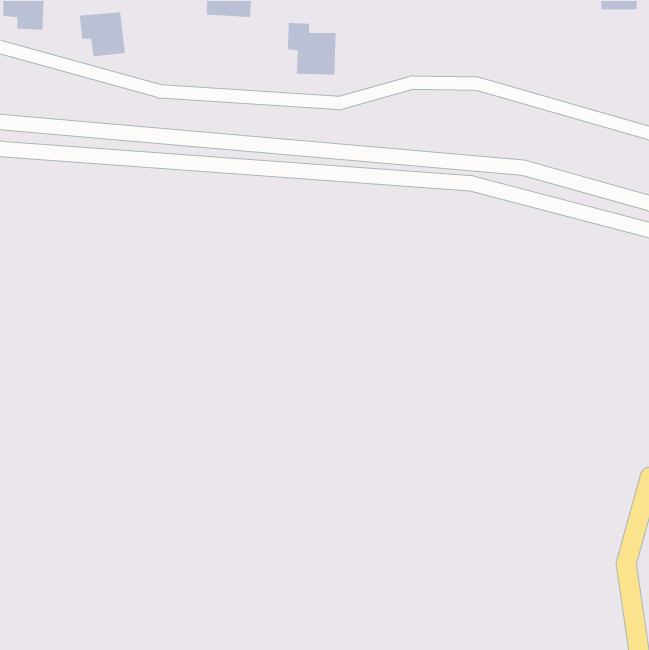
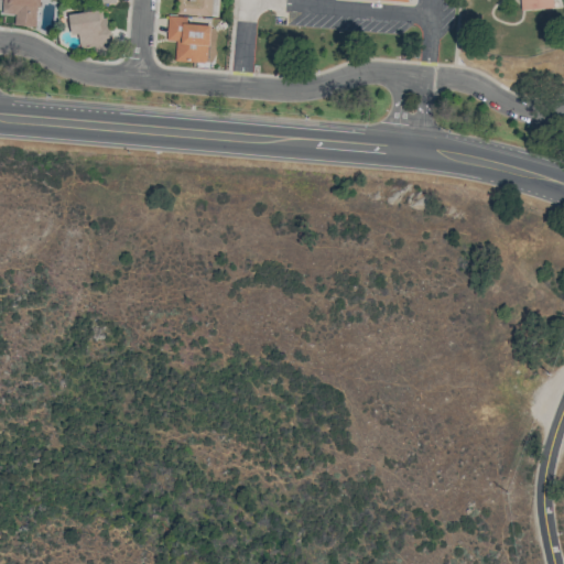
building: [287,22,336,75] -> [167,15,210,62]

